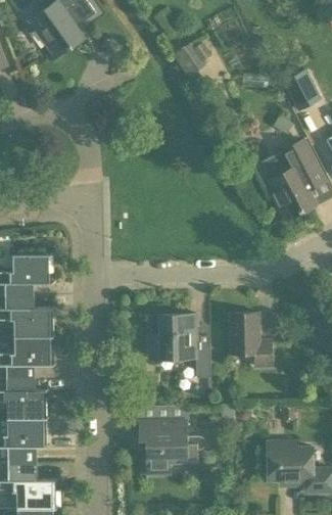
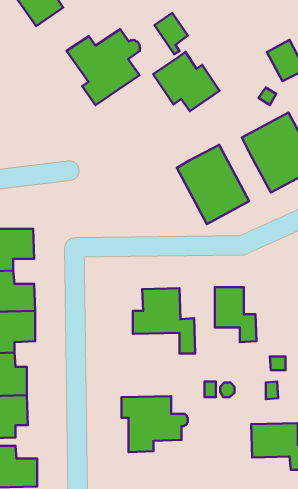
building: none -> [66,29,140,105]
building: none -> [153,52,220,111]
building: none -> [177,145,249,224]

